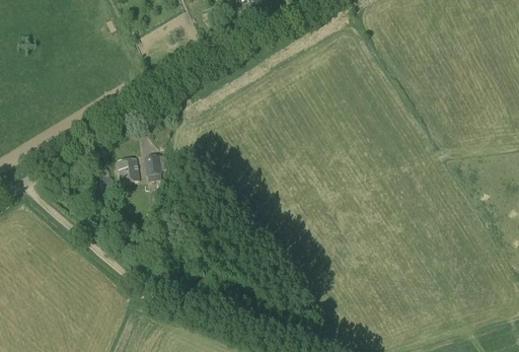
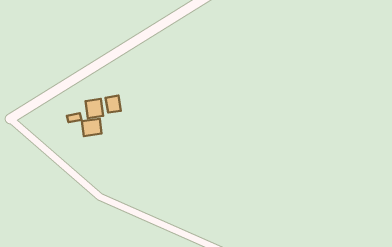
building: none -> [82,119,102,136]

